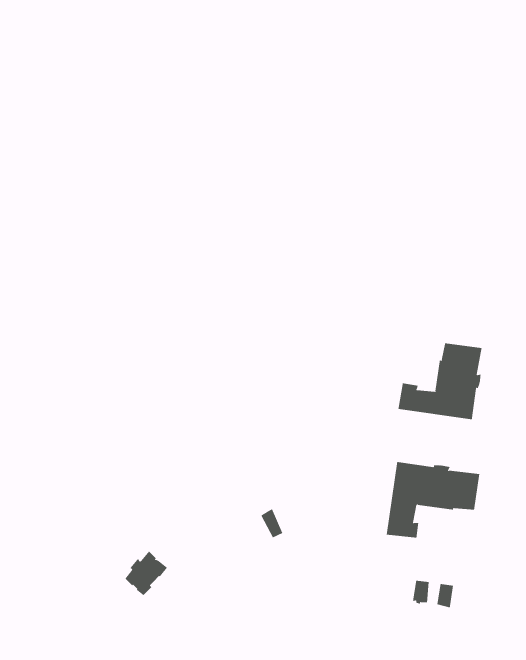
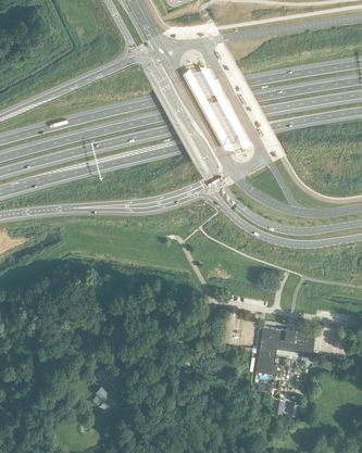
building: [398,342,482,420] -> none

